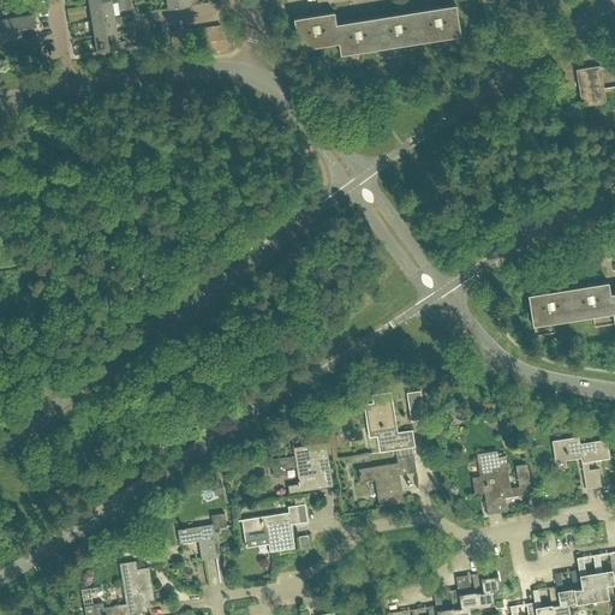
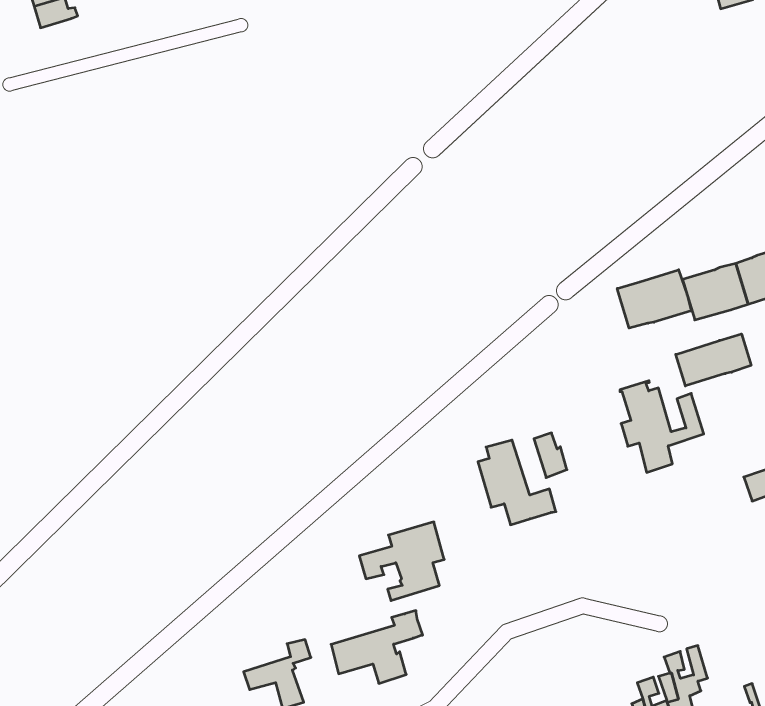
building: none -> [617,270,691,328]
building: none -> [676,334,751,386]
building: [358,448,416,508] -> none
building: [473,450,531,515] -> [620,381,704,472]

